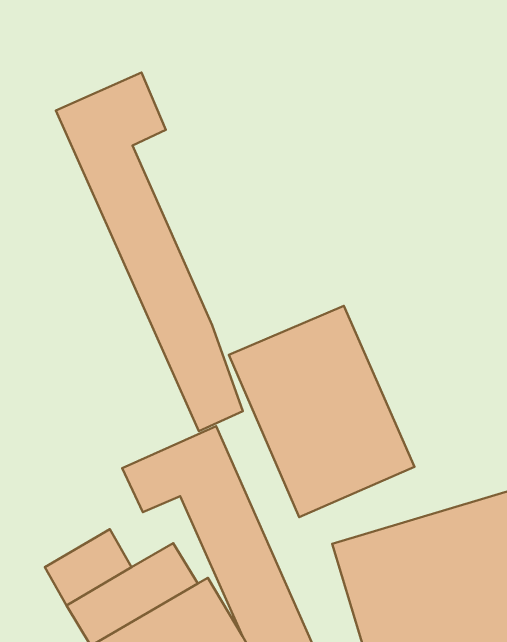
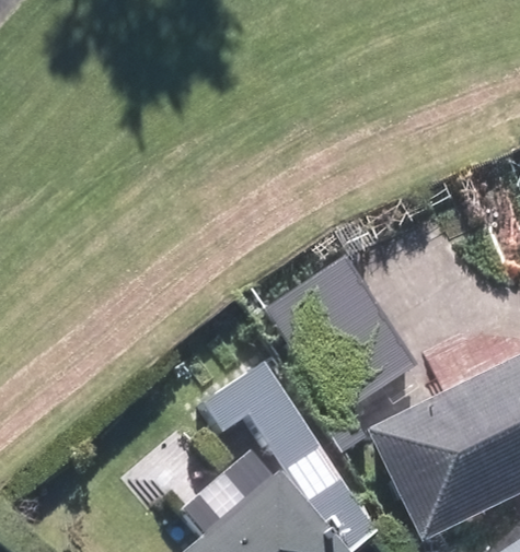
building: [56,72,243,431] -> none

